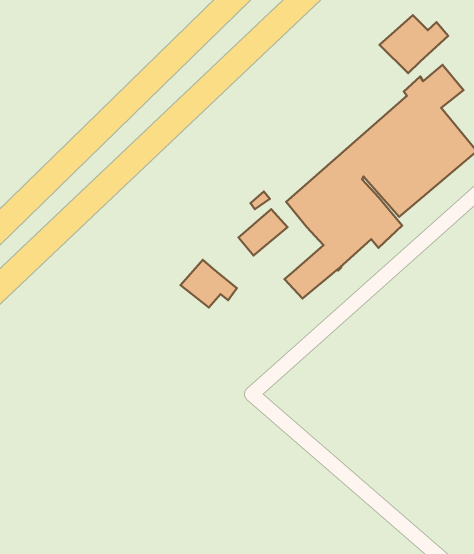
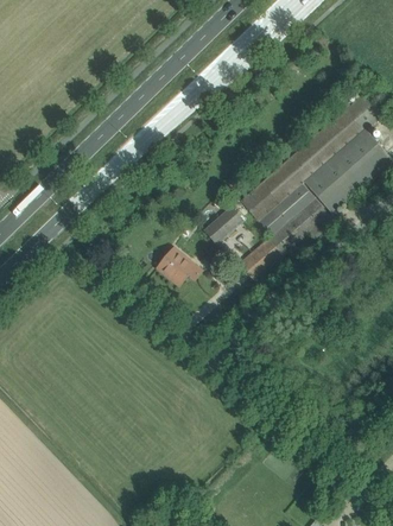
building: [380,15,448,73] -> none

